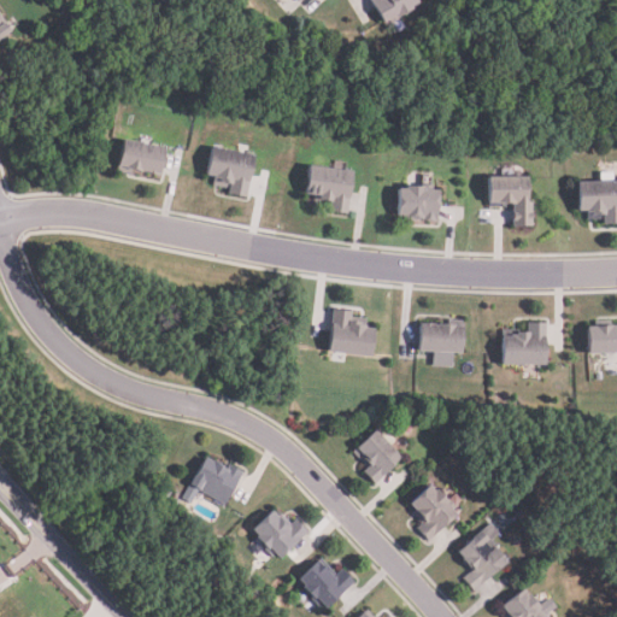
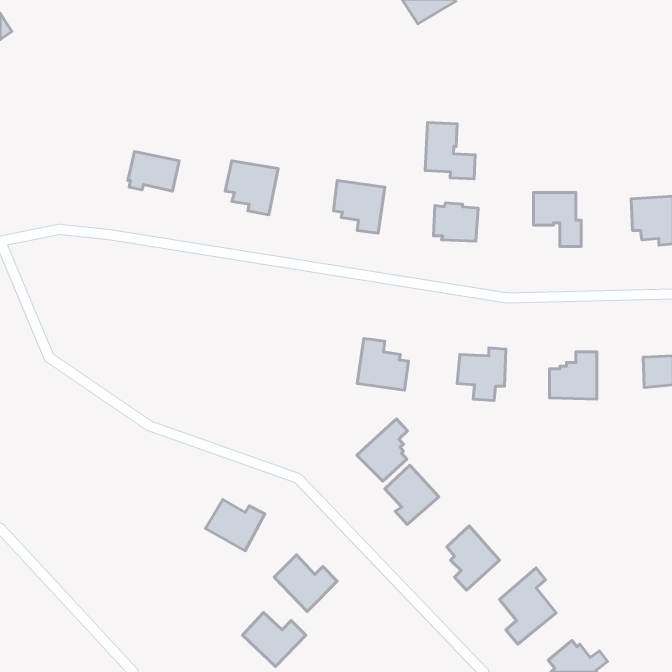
building: none -> [425,122,475,179]
building: none -> [357,419,407,481]
building: [298,558,355,607] -> [243,613,306,667]

